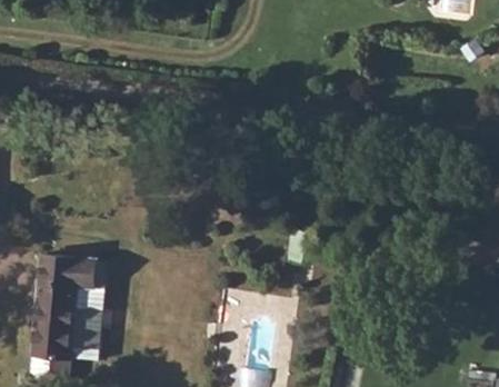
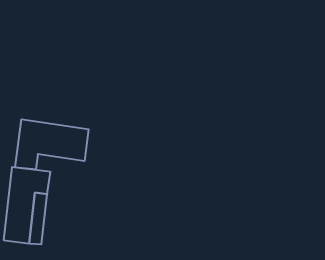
building: none -> [15,119,89,170]

